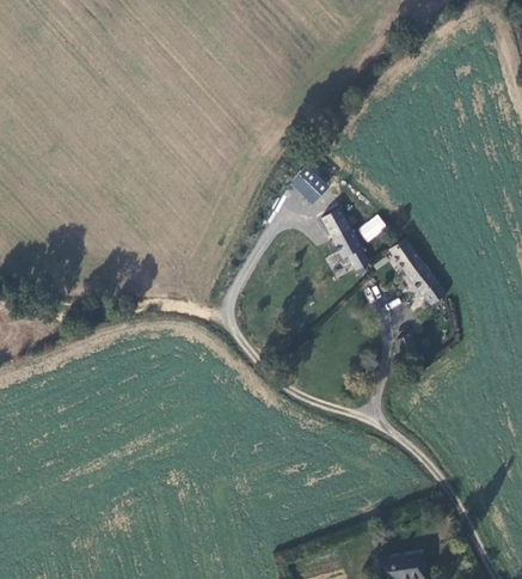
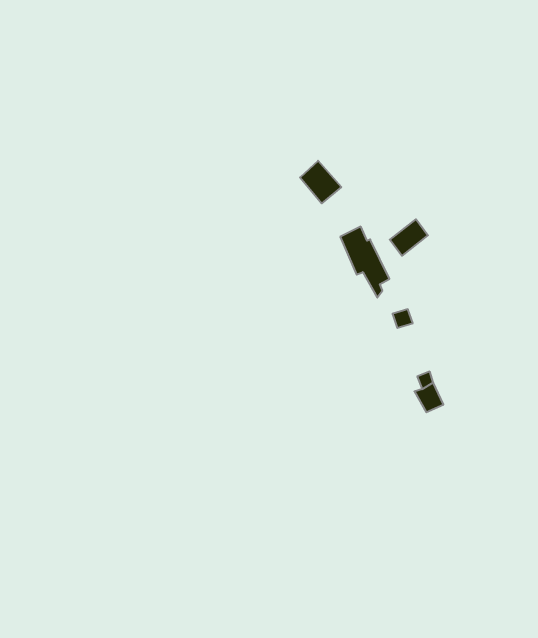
building: [388,237,438,293] -> none

